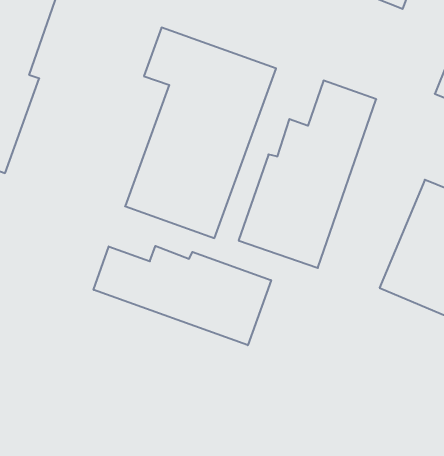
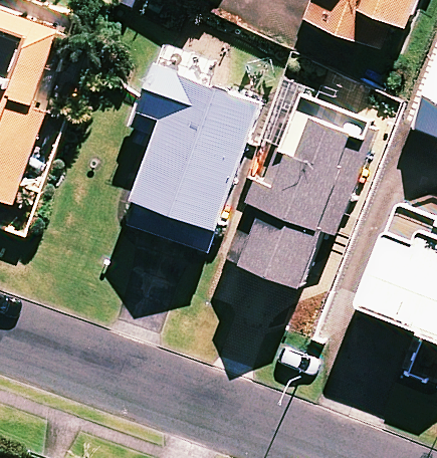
building: [94,246,271,345] -> none

